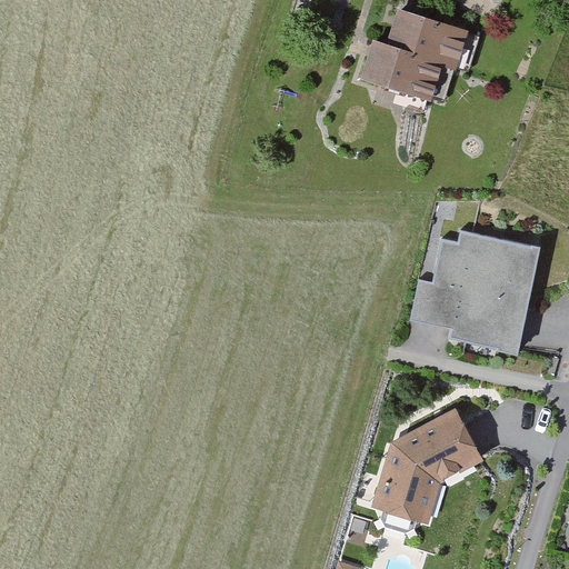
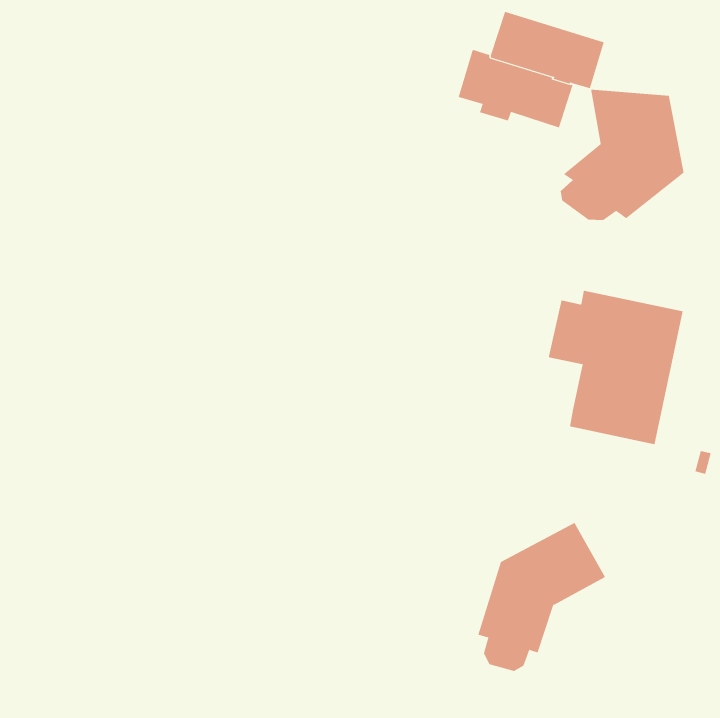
building: none -> [560,89,684,221]
building: [412,278,459,323] -> none

